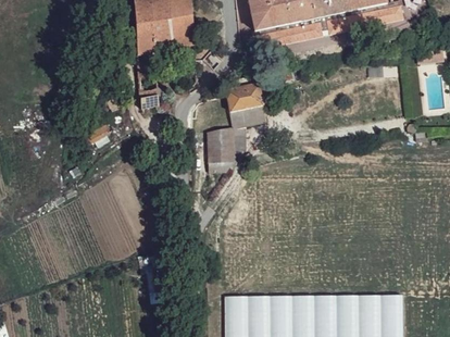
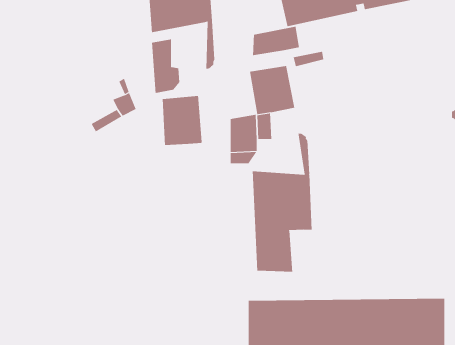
building: none -> [252,26,300,56]
building: none -> [162,95,202,146]
building: none -> [252,133,312,272]

